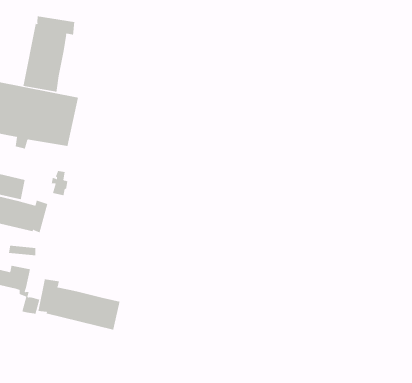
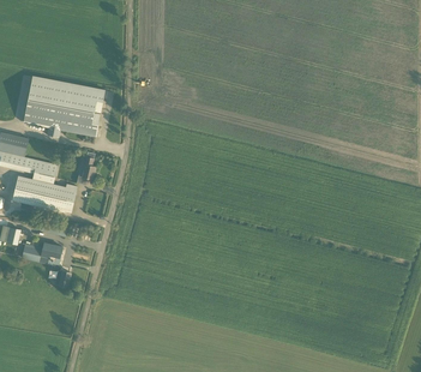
building: [23,15,75,92] -> none
building: [38,279,120,331] -> none

